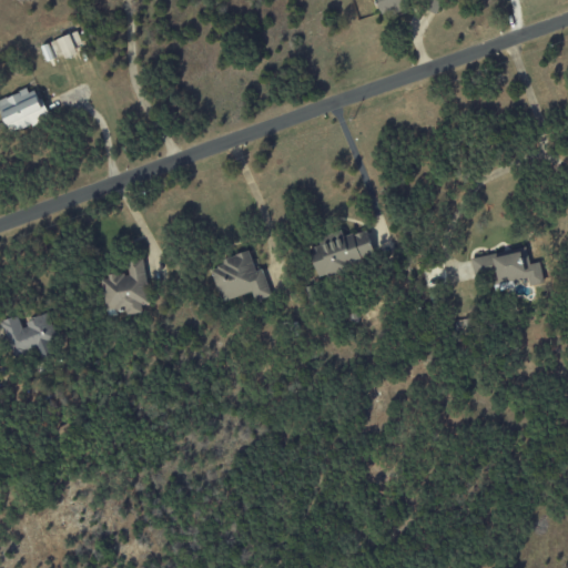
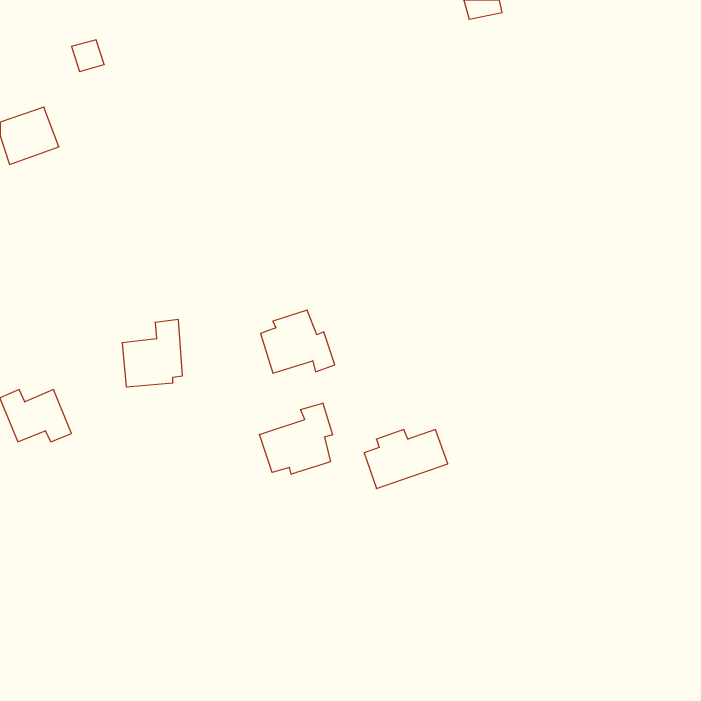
building: [308,230,376,277] -> [364,430,448,489]
building: [471,250,544,286] -> none
building: none -> [259,403,333,474]

